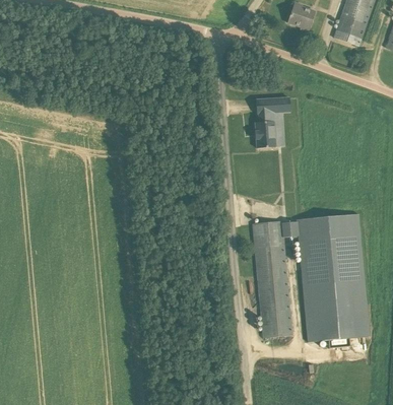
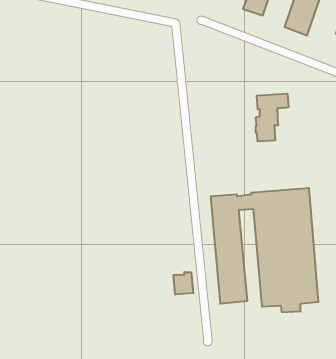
building: [255,96,290,147] -> [256,94,289,141]
building: none -> [174,272,193,295]

